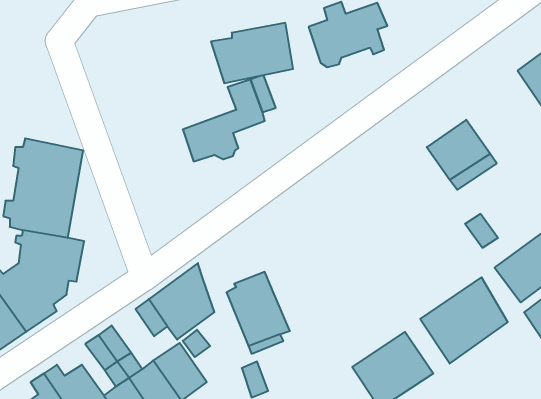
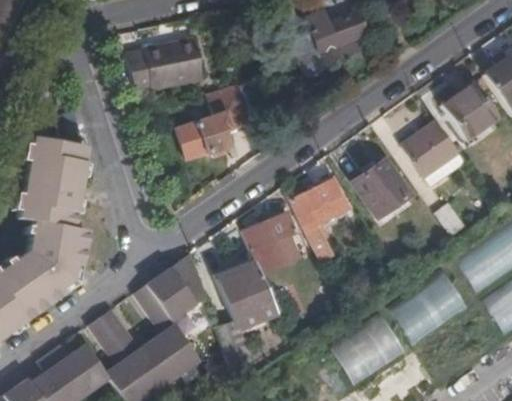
building: [211,23,293,83] -> [125,39,200,94]
building: none -> [441,83,498,140]
building: none -> [352,161,408,218]
building: none -> [291,180,343,259]
building: none -> [240,212,298,274]

